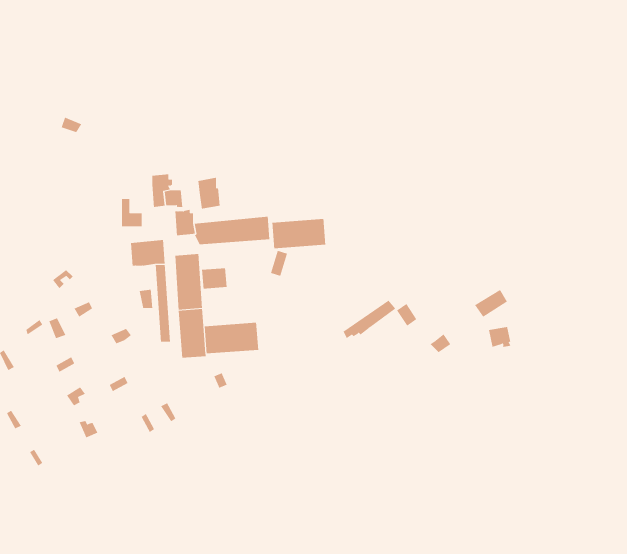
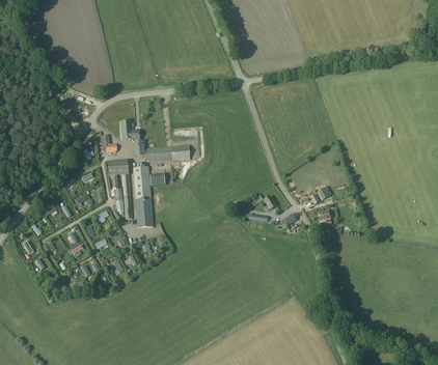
building: [272,218,326,249] -> none
building: [204,322,259,354] -> none

